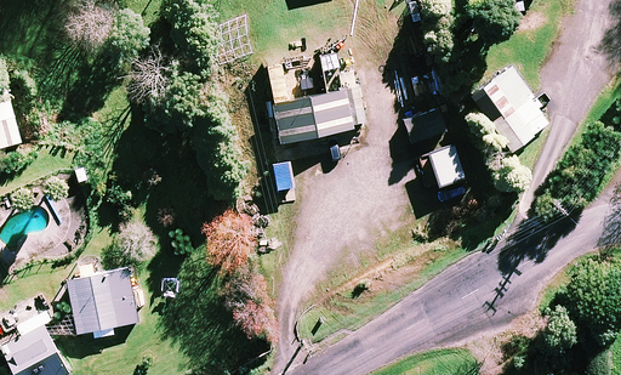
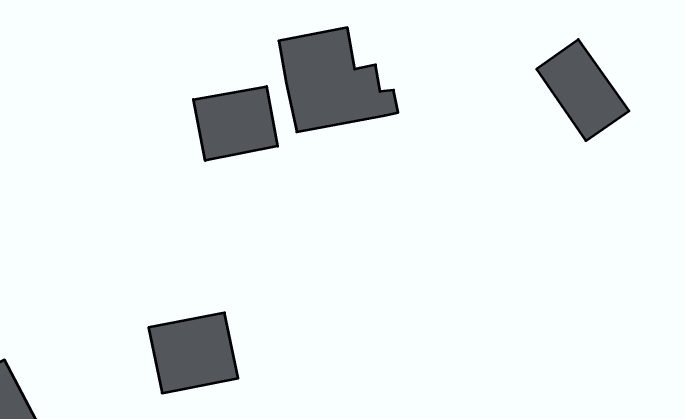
building: none -> [193,86,278,161]
building: [64,269,137,335] -> [149,313,238,393]

